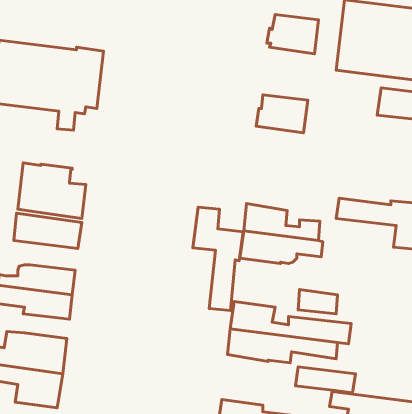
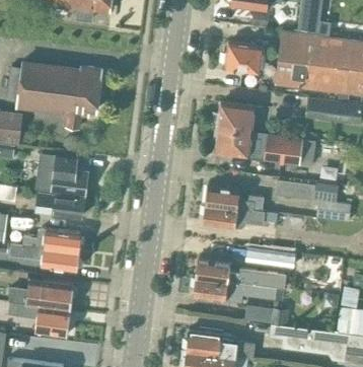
building: none -> [213,127,250,155]
building: none -> [263,135,315,166]
building: [193,207,243,310] -> none

